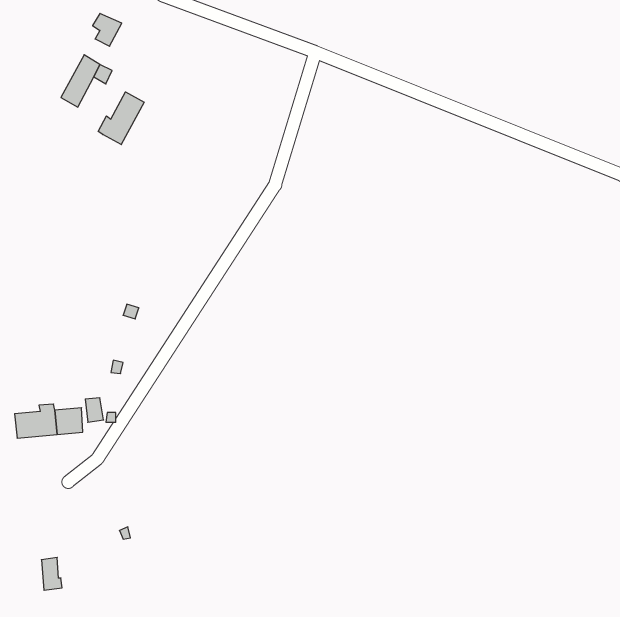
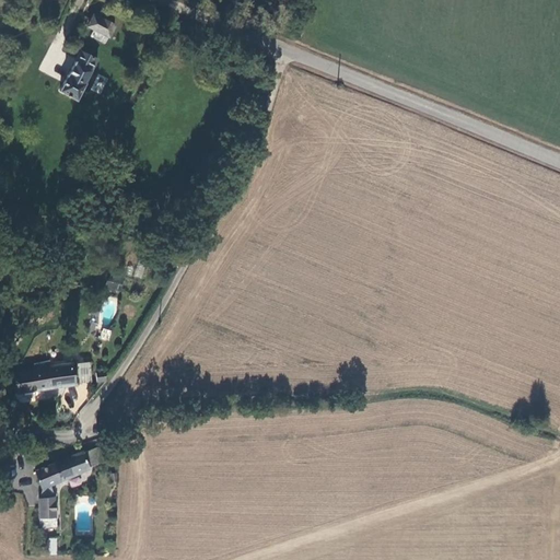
building: [98,92,144,145] -> none
building: none -> [35,450,103,492]

